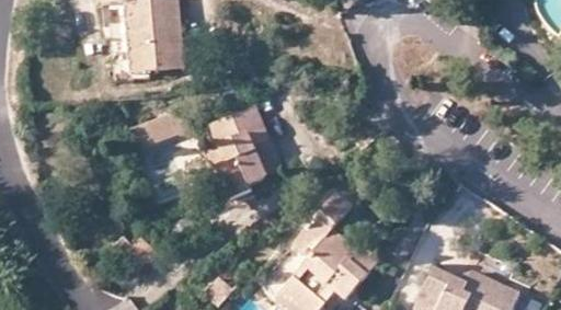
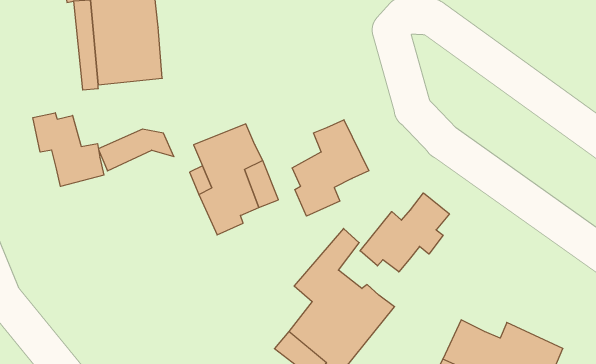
building: none -> [33,113,104,186]
building: none -> [292,120,369,216]
building: none -> [360,193,449,272]

